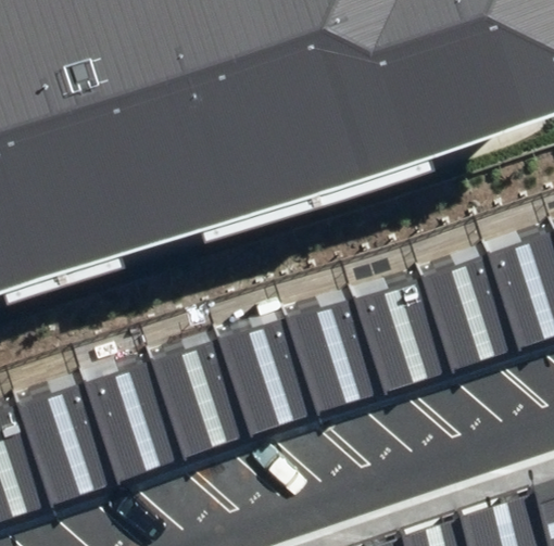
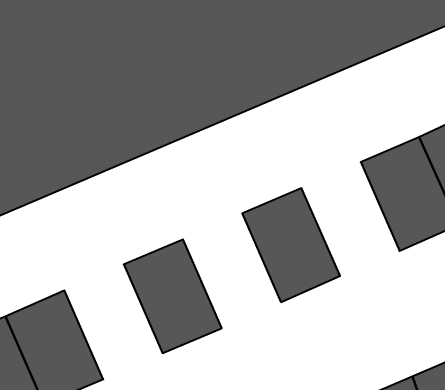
building: [374,261,475,383] -> none
building: [239,305,340,429] -> none
building: [104,350,205,473] -> none

